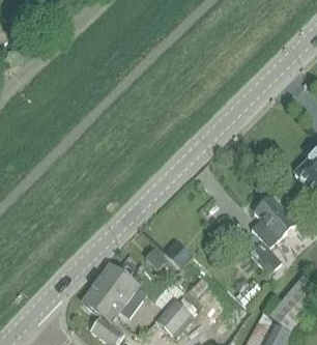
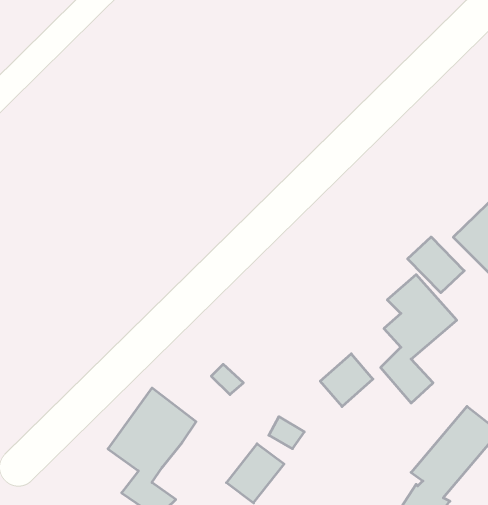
building: none -> [408,237,464,293]
building: none -> [320,354,373,407]

